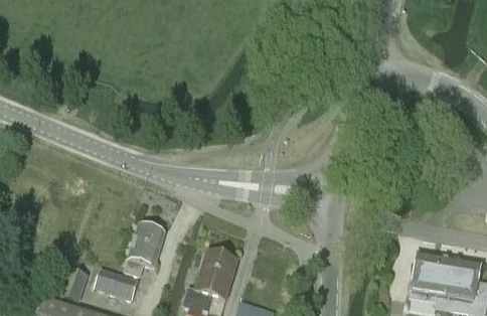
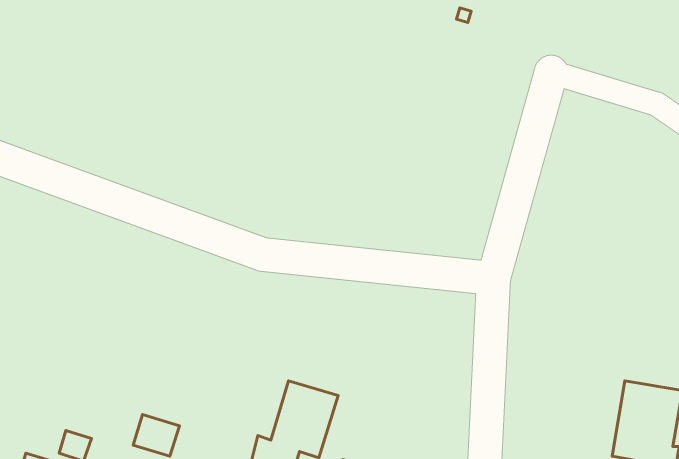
building: [124,222,164,274] -> none

